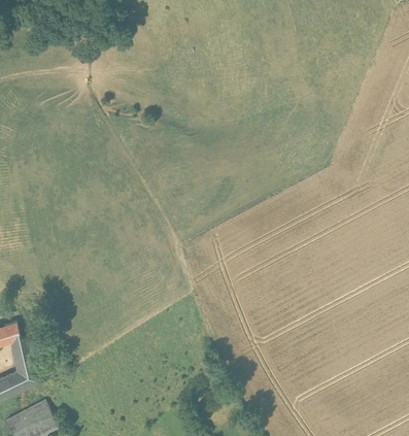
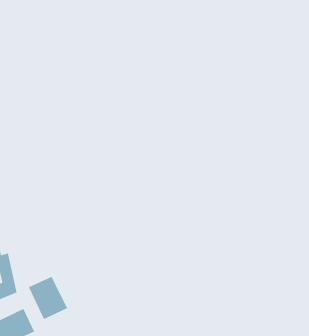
building: none -> [28,276,68,320]

